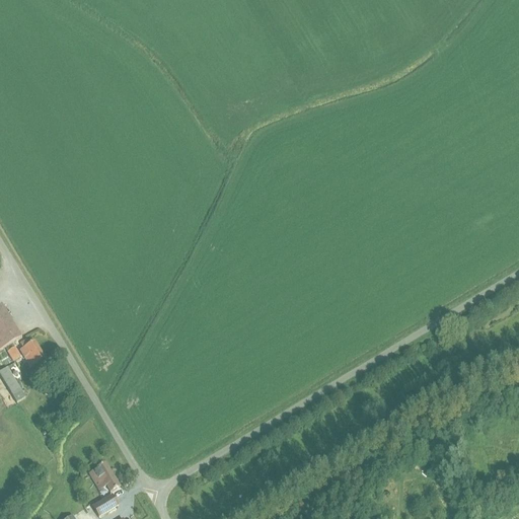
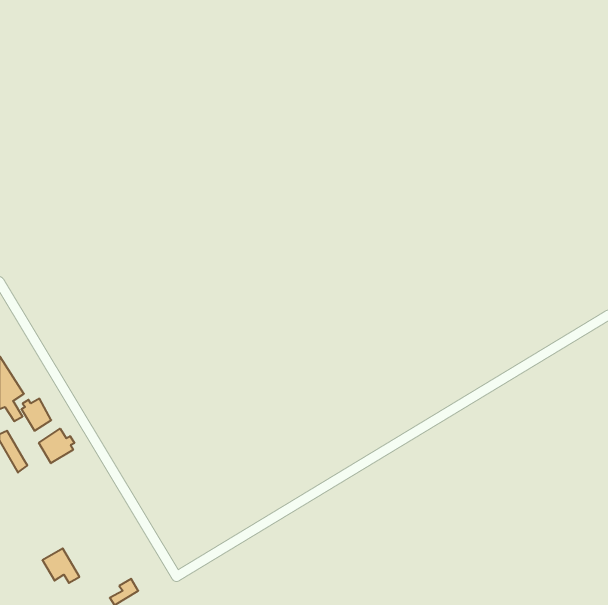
building: none -> [39,429,74,463]
building: [87,460,119,490] -> [42,548,79,583]

